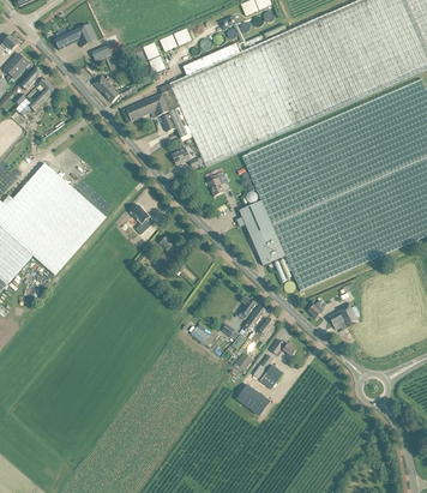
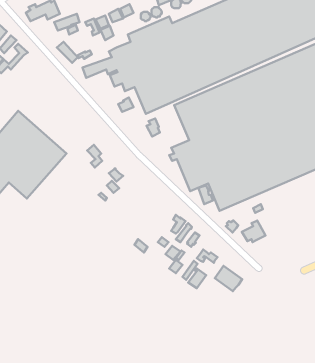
building: [236,383,271,415] -> [215,266,242,291]

